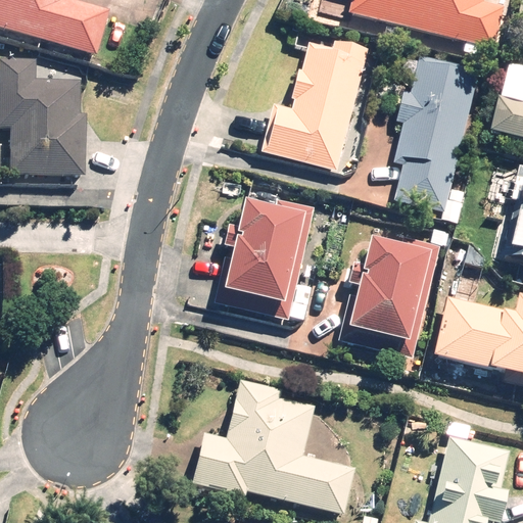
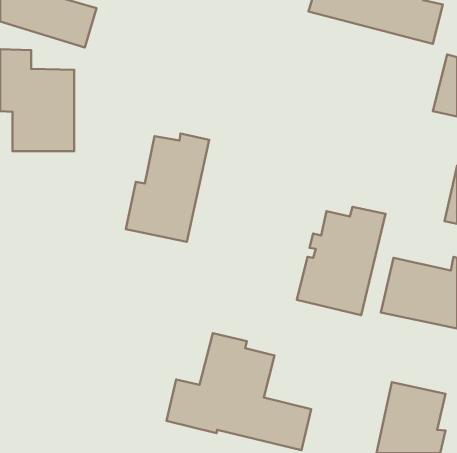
building: [265,39,365,169] -> none
building: [395,55,478,220] -> none
building: [216,198,311,322] -> [126,133,209,242]

